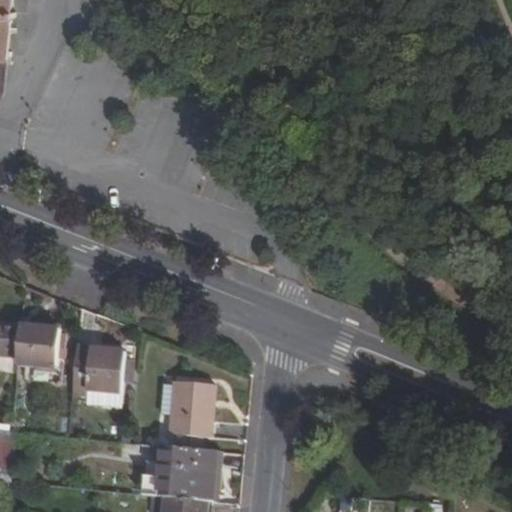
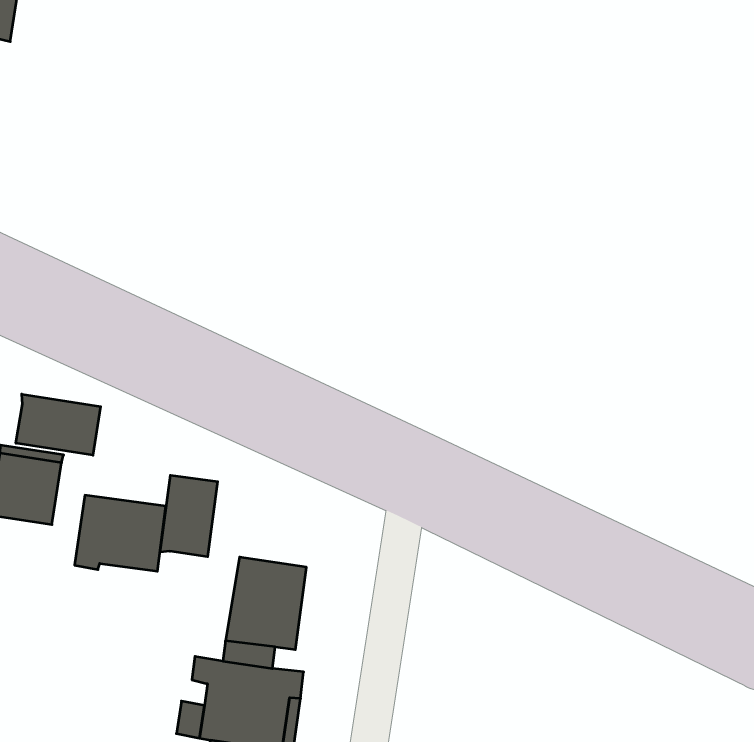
building: none -> [16,394,101,455]
building: none -> [160,475,218,557]

